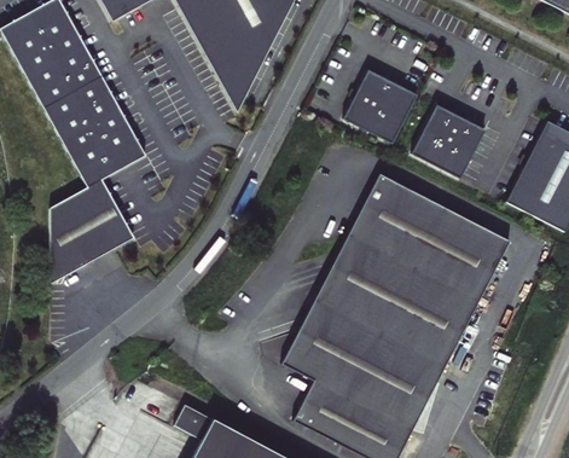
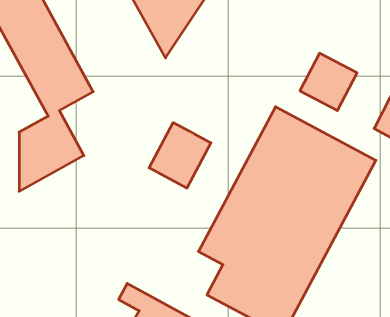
building: [343,70,416,144] -> none
building: none -> [149,123,211,188]

